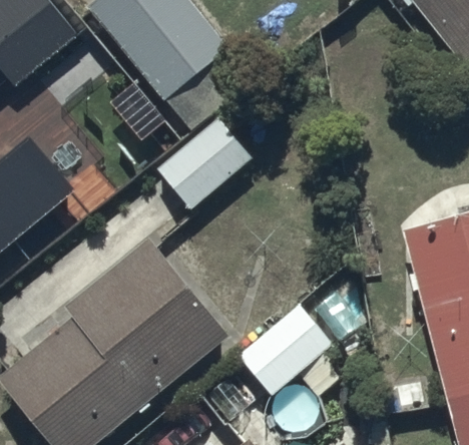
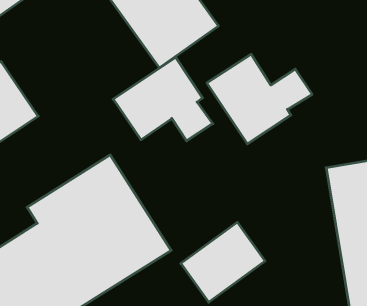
building: none -> [207,54,312,144]

